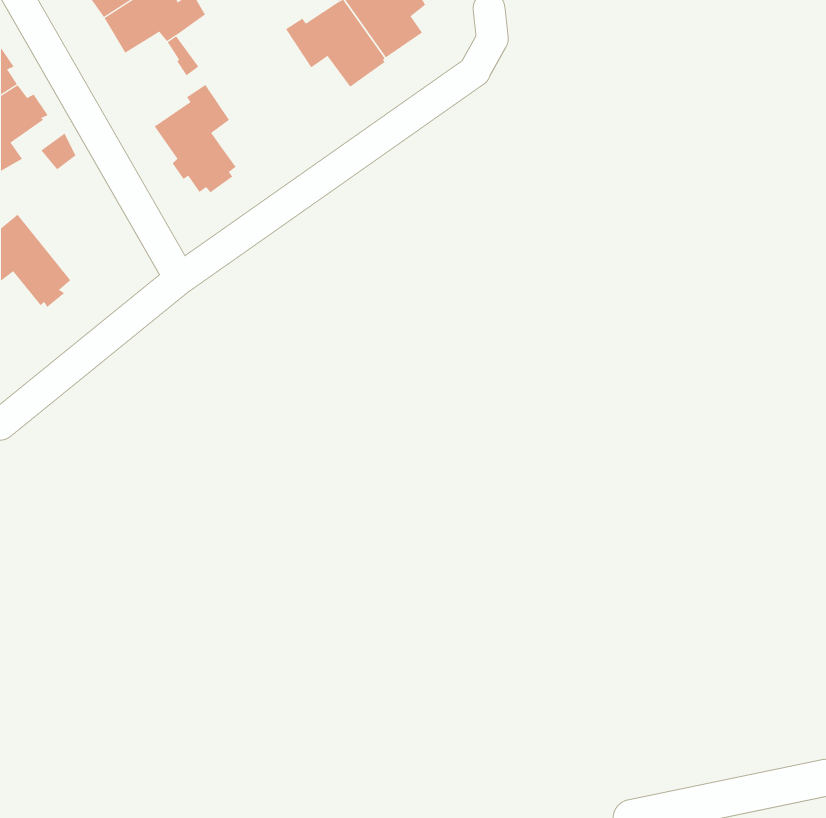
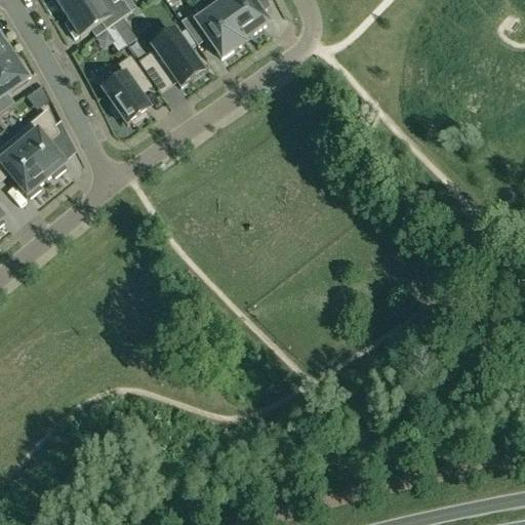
building: none -> [138,28,204,86]
building: none -> [12,107,67,177]

